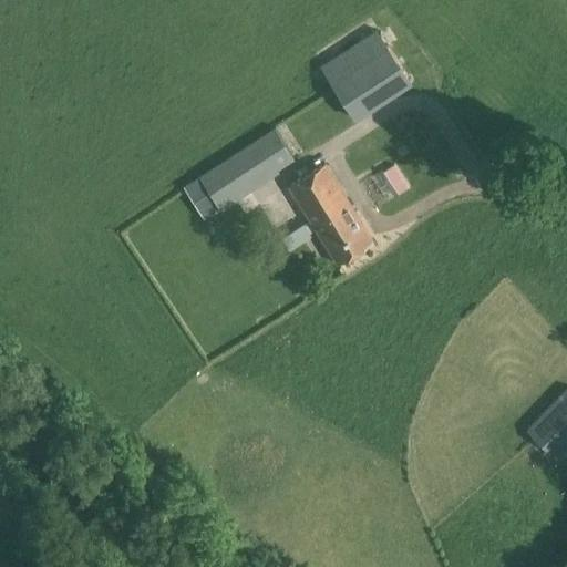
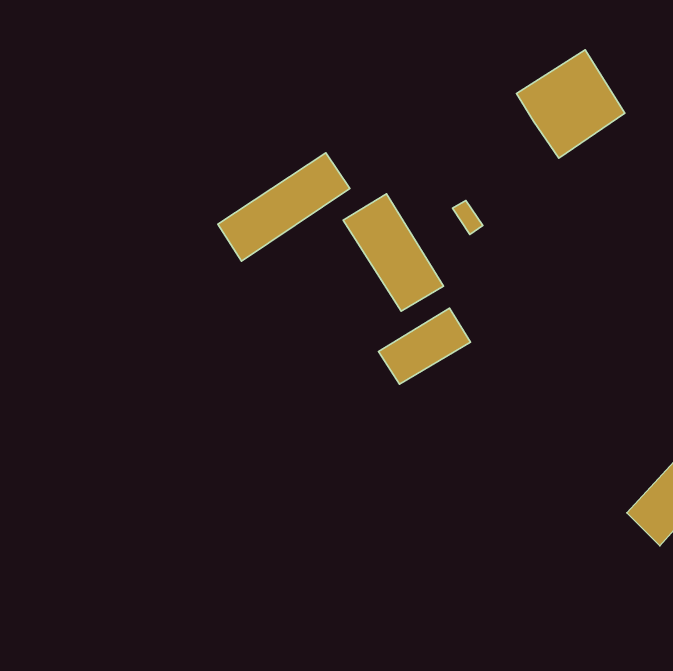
building: [321,31,412,122] -> [516,50,625,158]
building: none -> [379,308,471,384]

